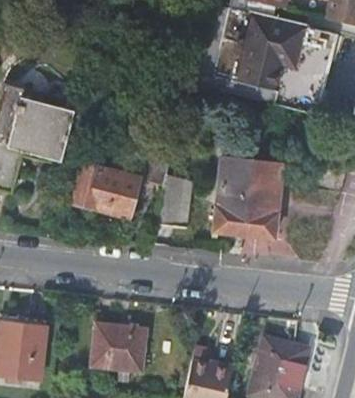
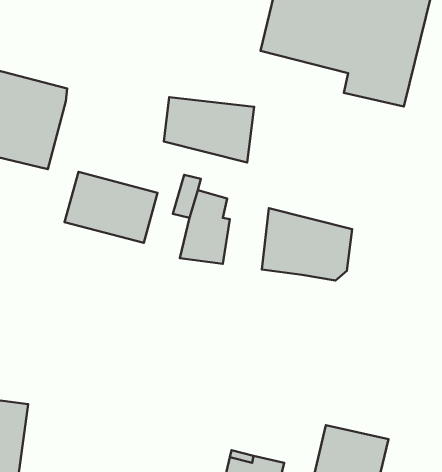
building: [219,155,284,202] -> [164,97,254,163]
building: [91,324,145,371] -> none

